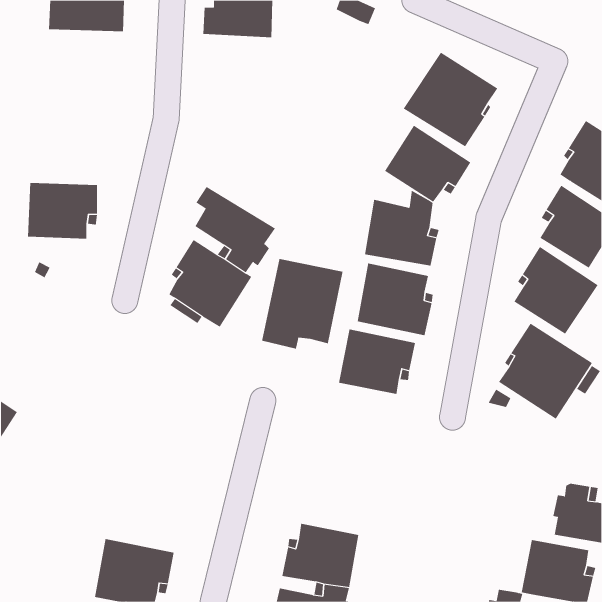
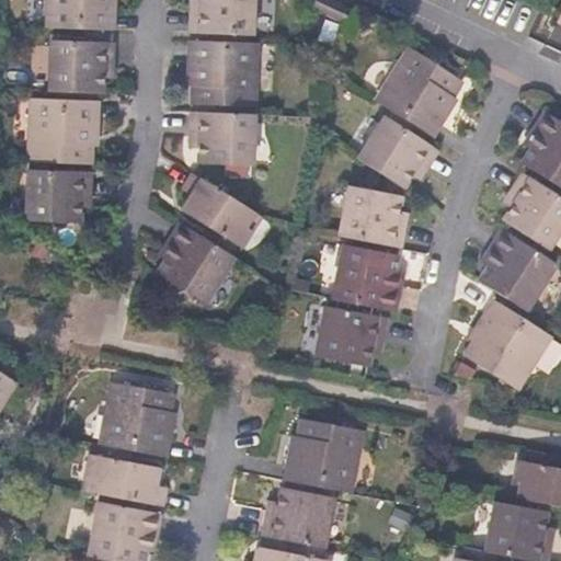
building: none -> [48,41,114,93]
building: none -> [187,41,257,106]
building: none -> [27,100,99,163]
building: none -> [190,112,256,165]
building: [262,258,343,350] -> none
building: none -> [99,381,175,457]
building: none -> [284,419,363,493]
building: none -> [85,455,167,506]

